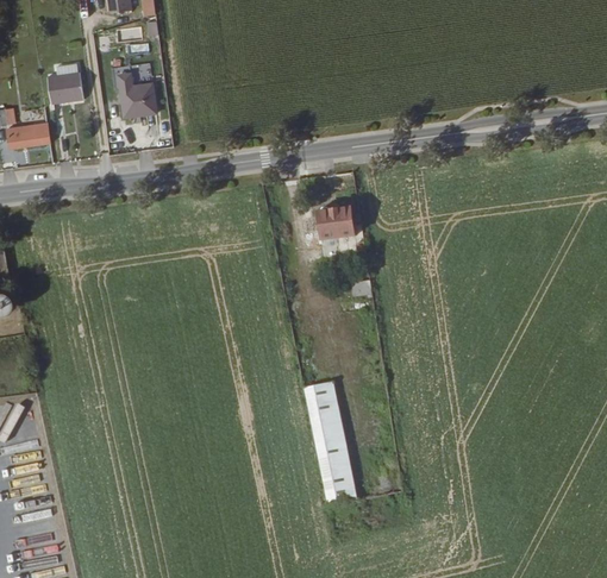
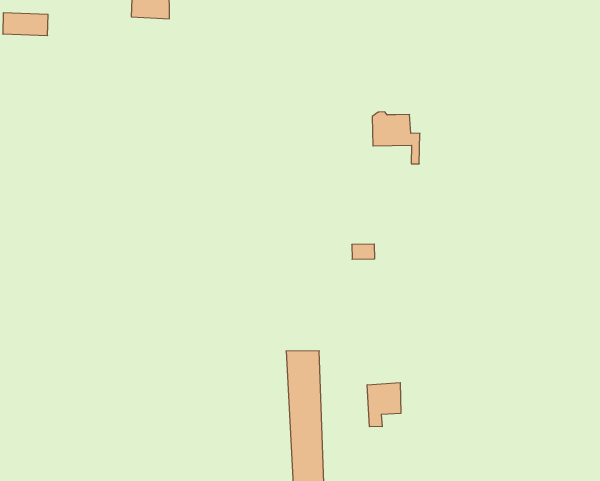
building: [317,208,365,252] -> [372,112,420,164]
building: none -> [367,383,401,427]

